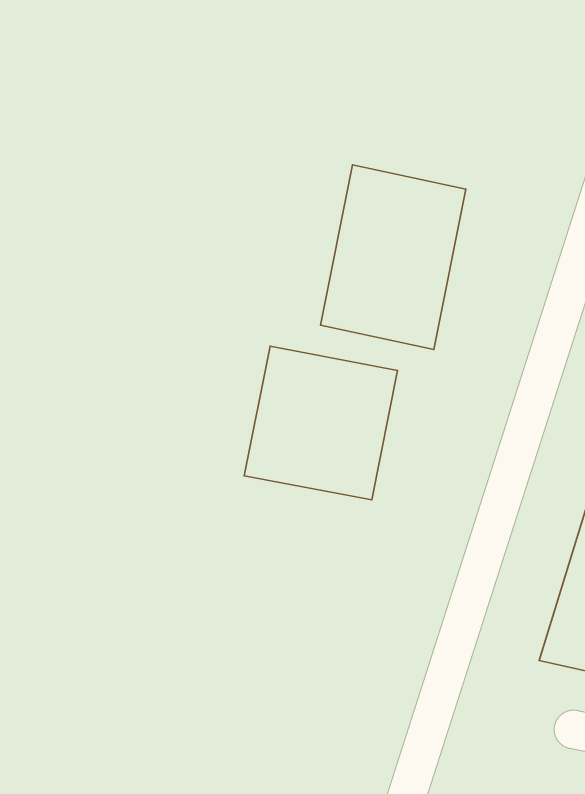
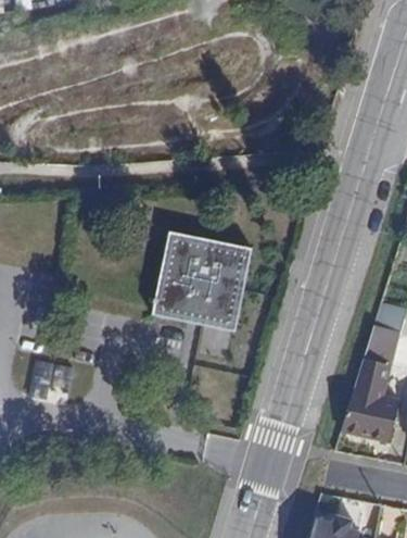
building: [321,165,466,350] -> none

